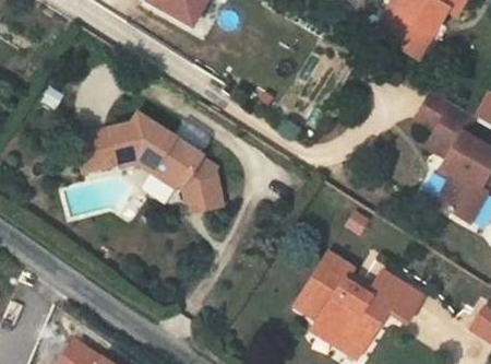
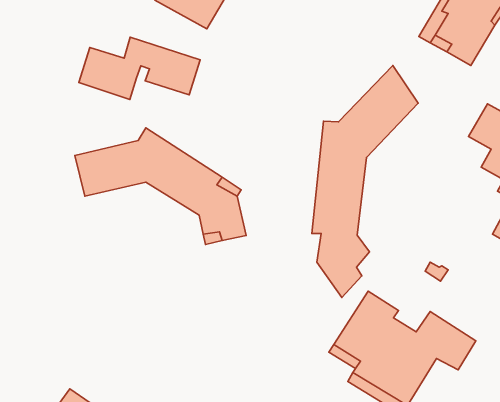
building: none -> [79,37,200,99]
building: none -> [312,65,418,298]

